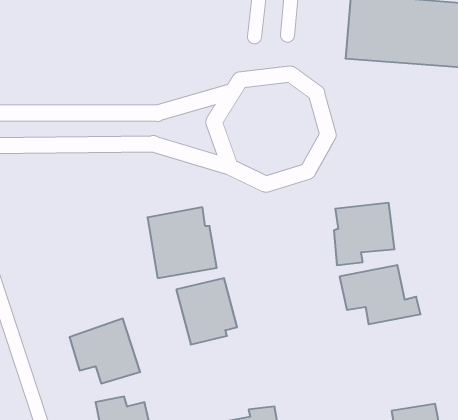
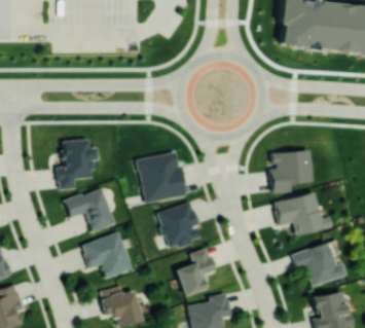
building: none -> [58,140,97,190]
building: none -> [65,187,116,232]
building: none -> [293,243,346,286]
building: none -> [177,248,215,296]

